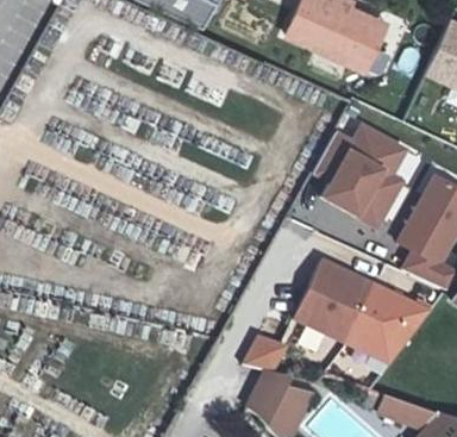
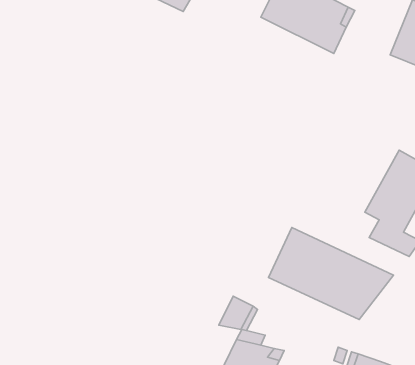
building: [314,124,407,226] -> none

